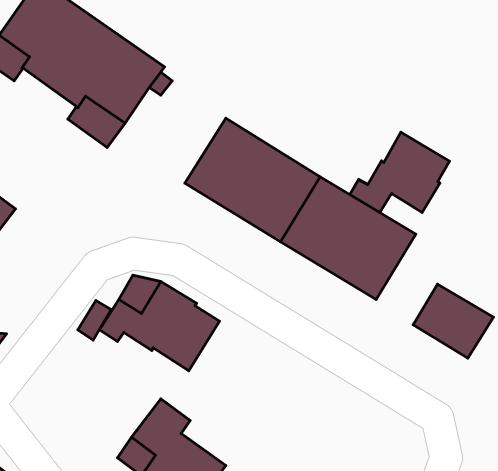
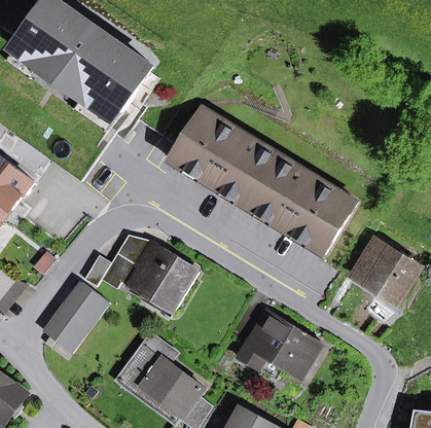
building: [350,132,449,213] -> none
building: none -> [47,284,108,351]
building: none -> [238,309,321,379]

